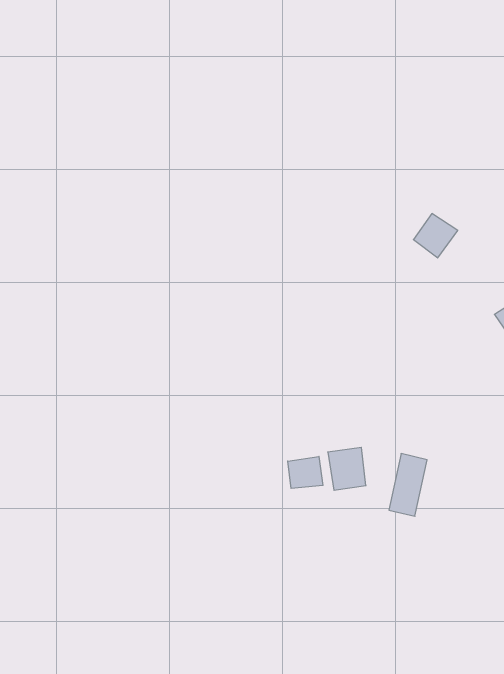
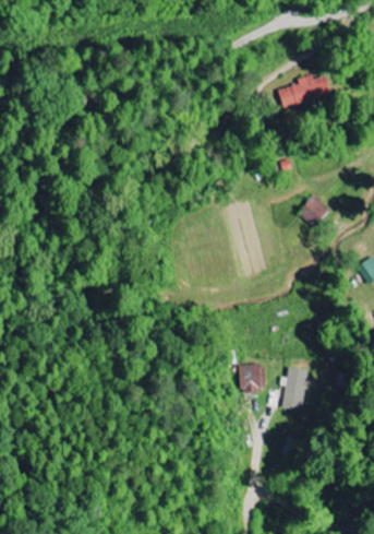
building: none -> [278,73,330,108]
building: [288,456,323,488] -> none

